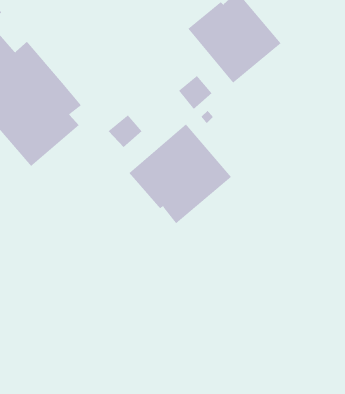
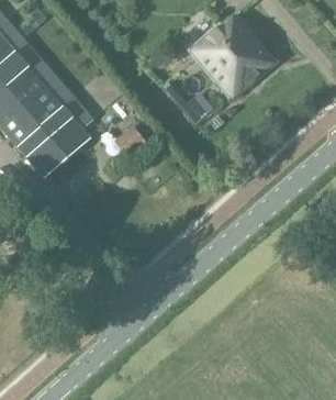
building: [129,123,232,224] -> none

